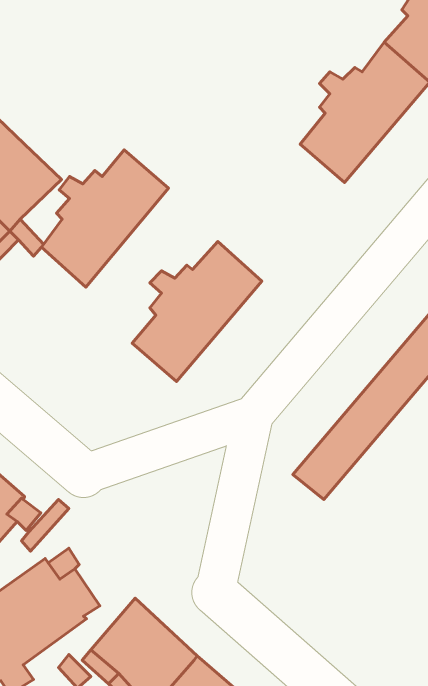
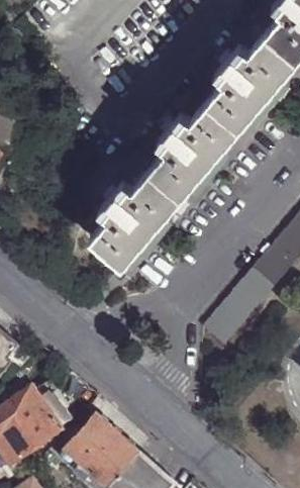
building: [42,150,168,287] -> [152,102,238,196]

